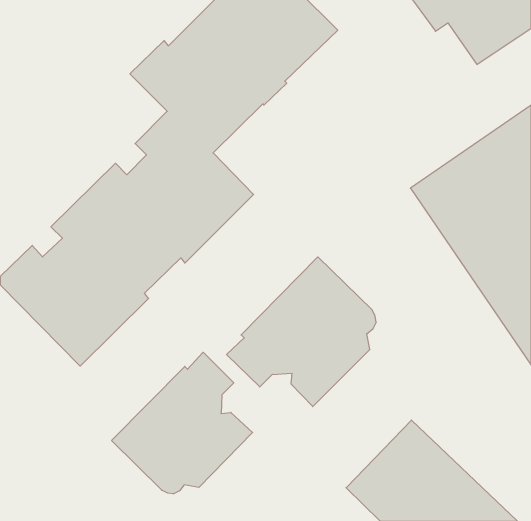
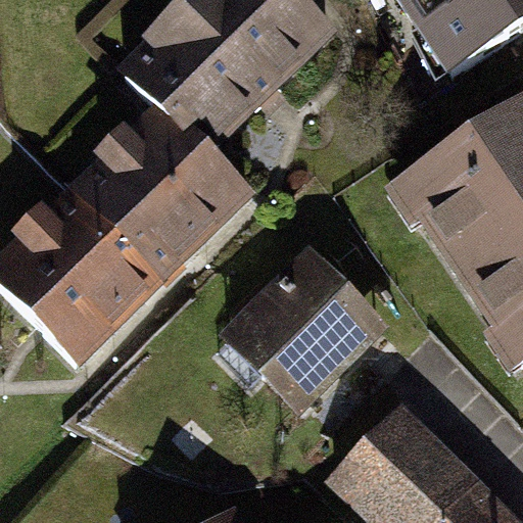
building: [112,352,253,494] -> none

